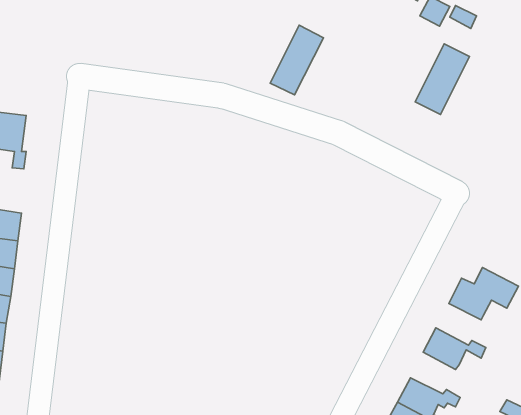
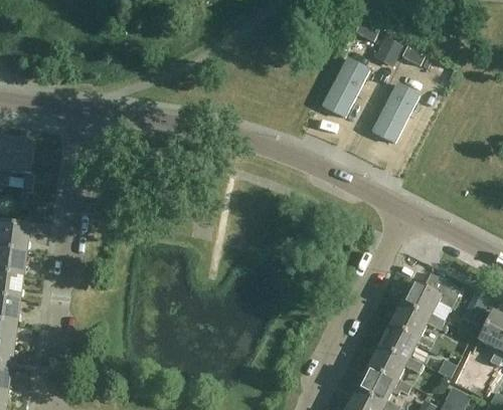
building: [270,25,323,95] -> [321,55,367,116]
building: none -> [388,305,443,342]
building: none -> [366,348,421,384]

